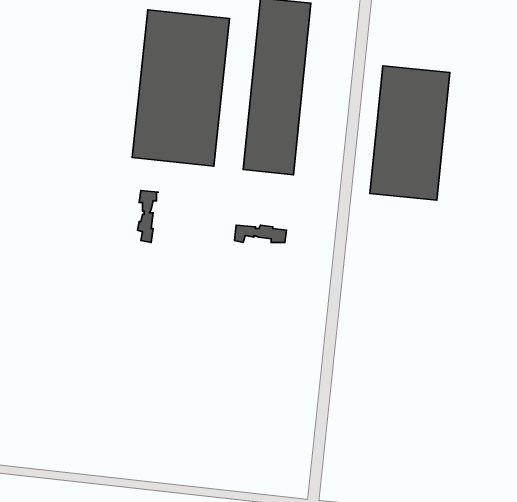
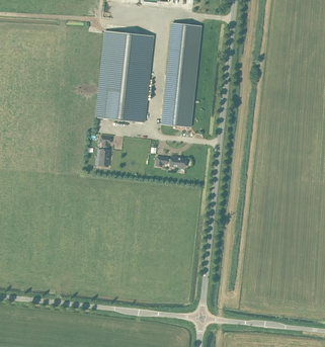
building: [370,66,450,200] -> none

